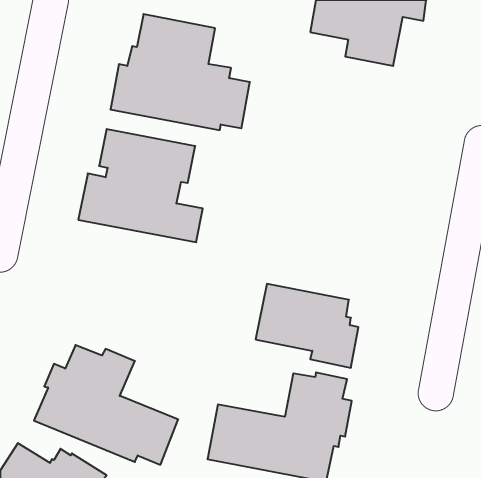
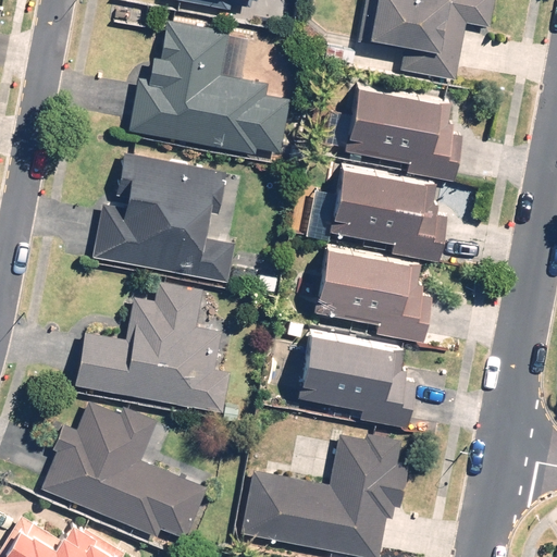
building: none -> [324,85,461,182]
building: none -> [329,165,447,262]
building: none -> [312,246,431,343]
building: none -> [74,283,238,422]

